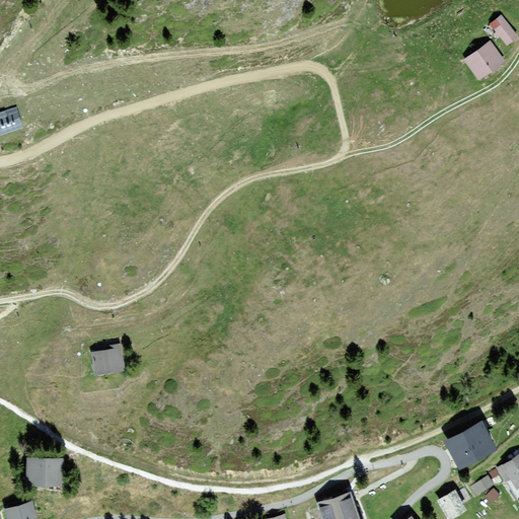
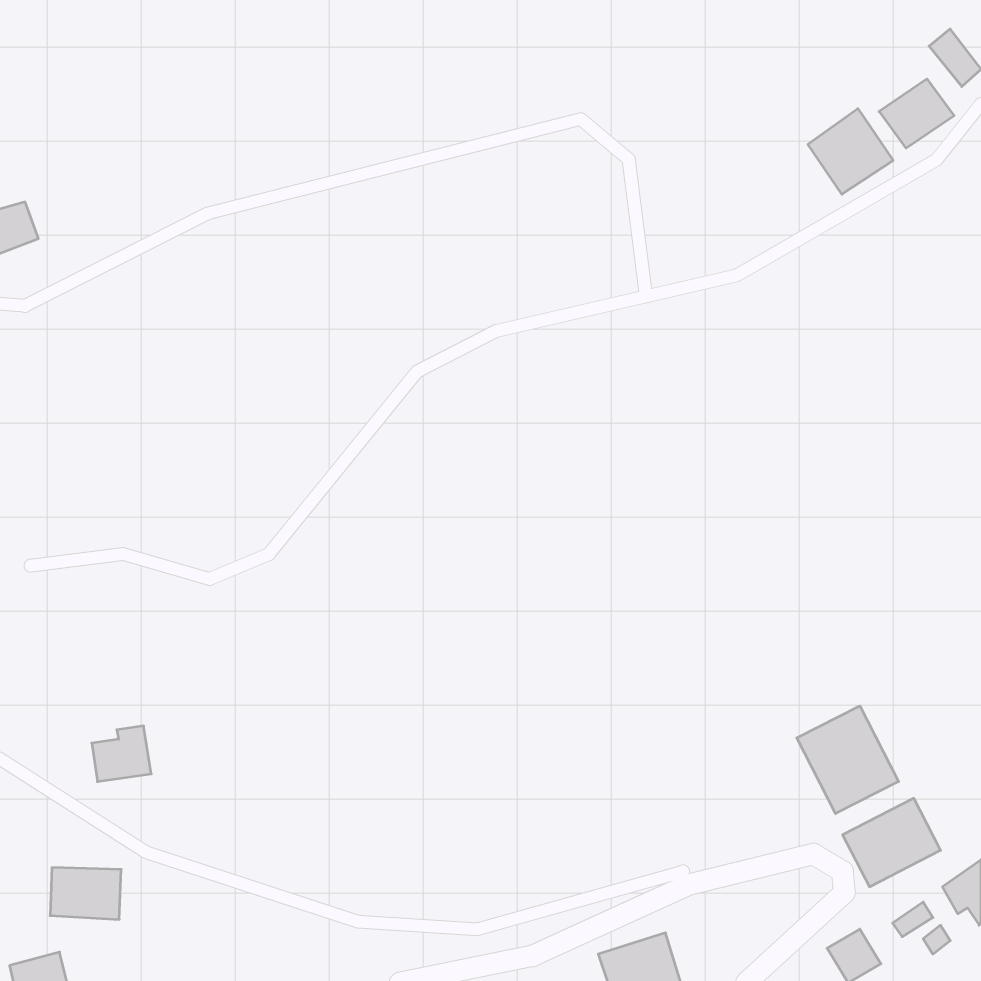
building: none -> [808,109,893,194]
building: [91,344,123,373] -> [92,726,151,782]
building: none -> [797,706,899,814]

